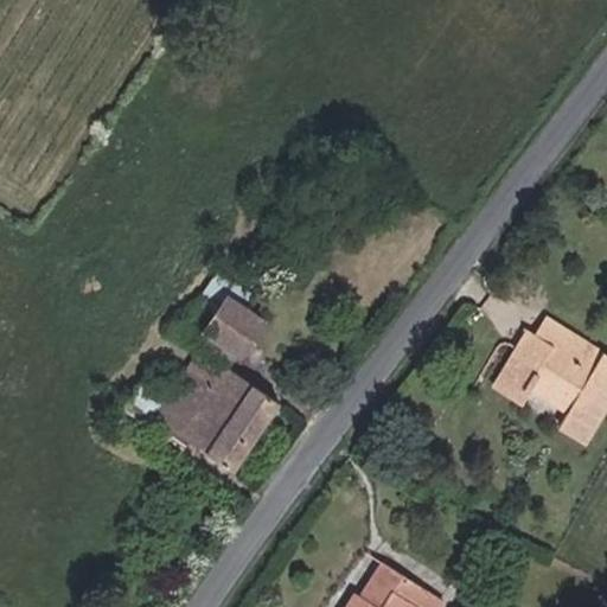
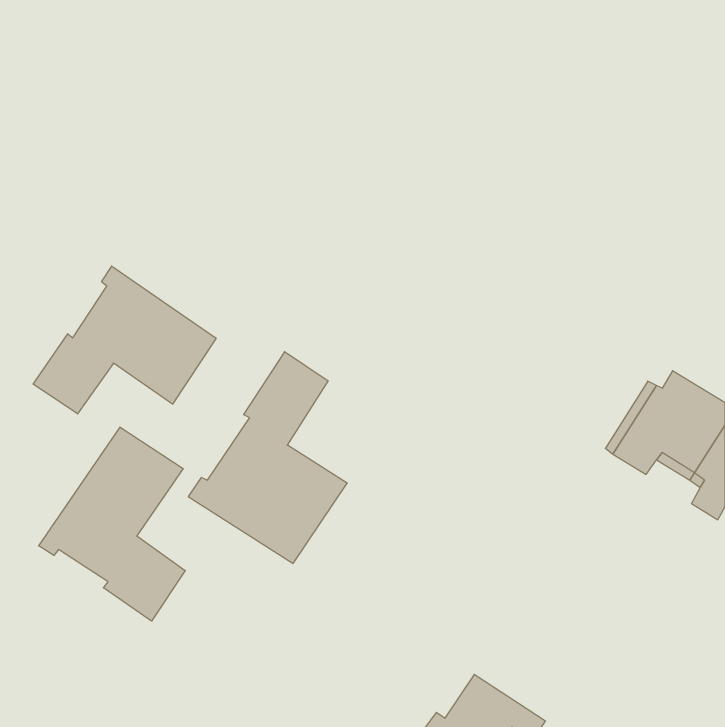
building: none -> [33,266,216,414]
building: none -> [39,427,185,621]

